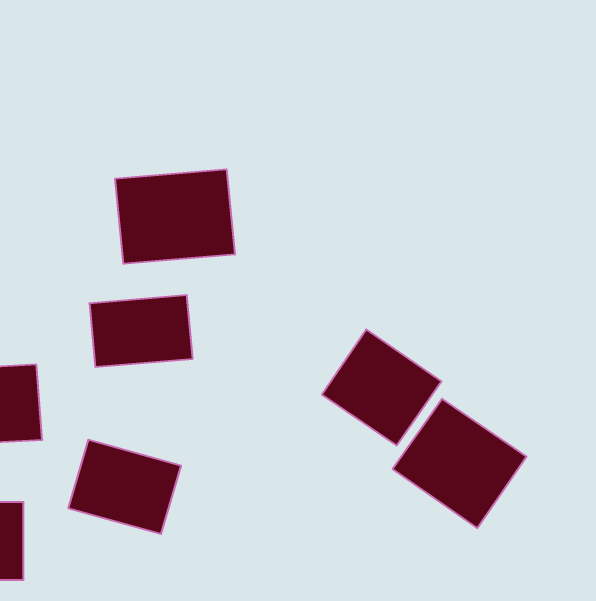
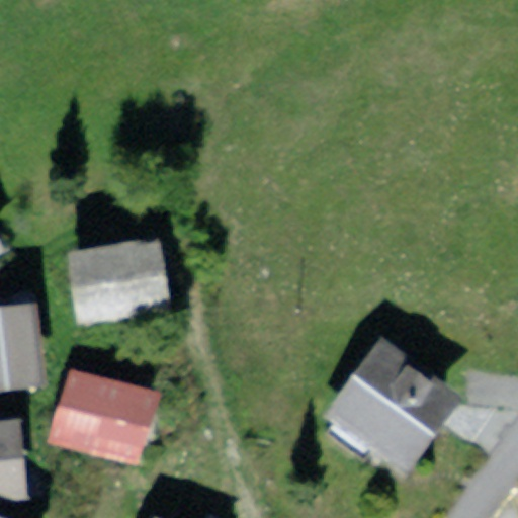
building: [115,169,235,264] -> none
building: [322,329,441,445] -> none

